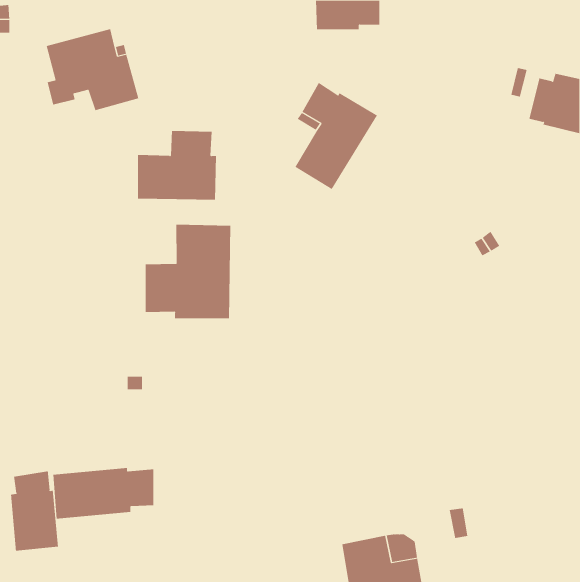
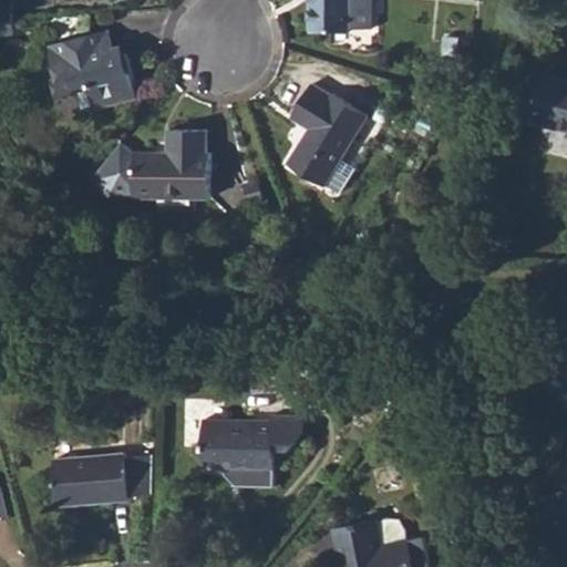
building: none -> [102,144,133,193]
building: [145,224,231,319] -> none
building: none -> [200,416,302,475]
building: [10,470,58,551] -> none

